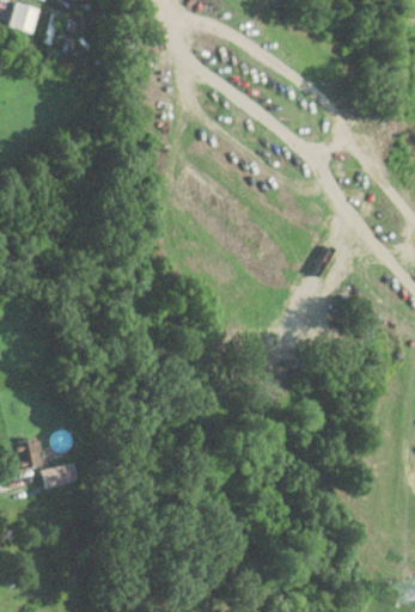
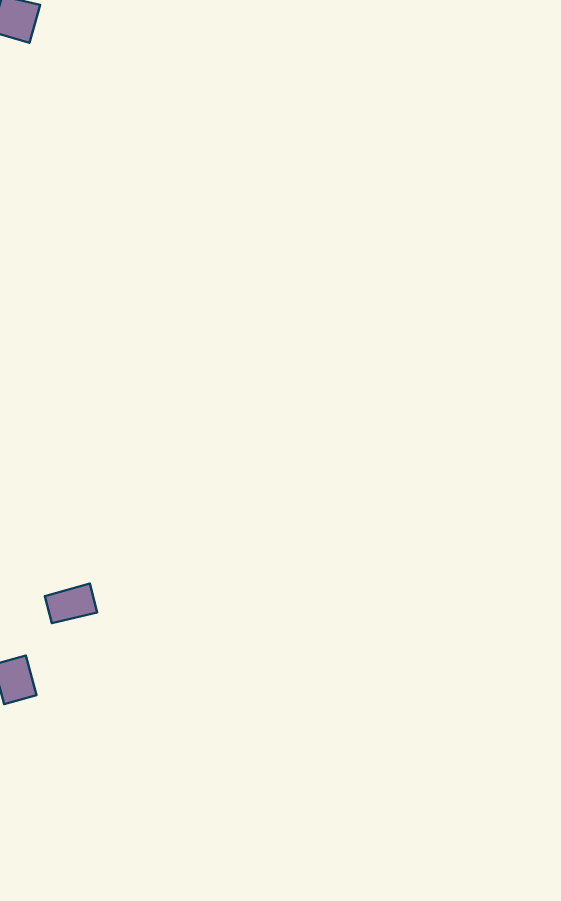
building: [43,463,78,489] -> [45,583,97,623]

